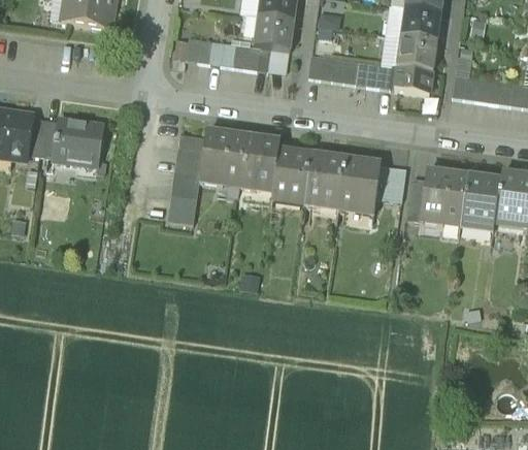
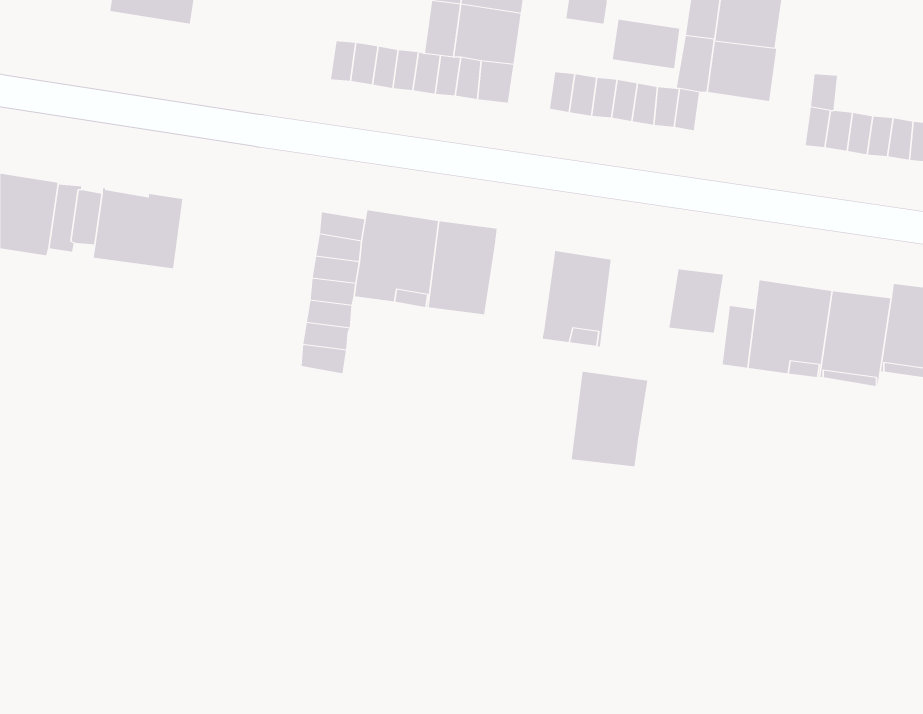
building: [395,66,433,94] -> [612,19,680,69]
building: [273,151,312,199] -> none
building: [338,160,382,214] -> [571,371,648,467]

